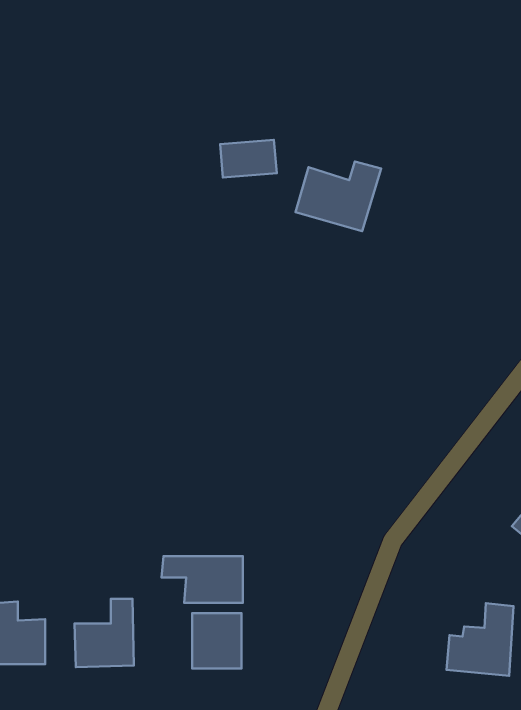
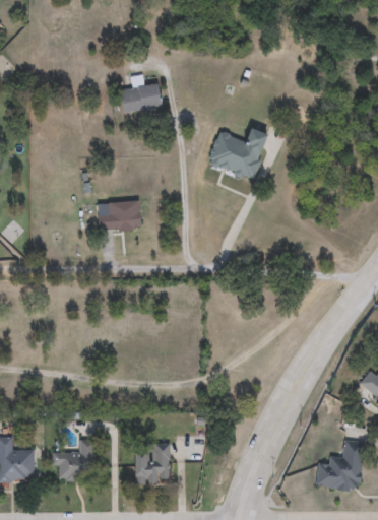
building: [220,140,277,177] -> [123,85,163,112]
building: none -> [98,201,142,232]
building: [162,556,243,603] -> none

